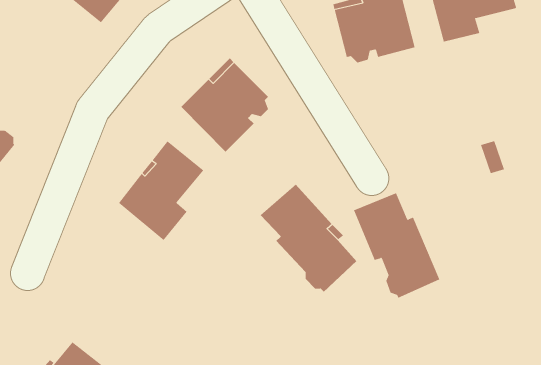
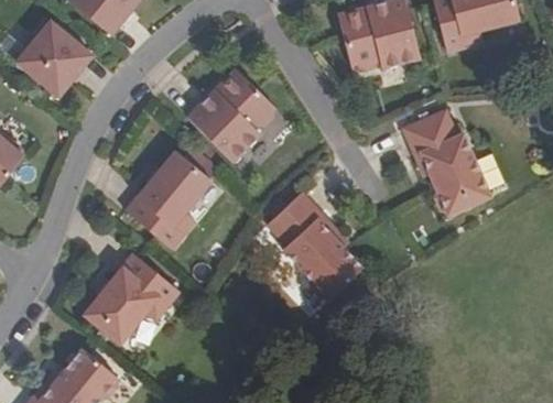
building: none -> [17,20,93,96]
building: [353,192,440,299] -> [403,110,489,215]
building: none -> [84,253,180,344]

